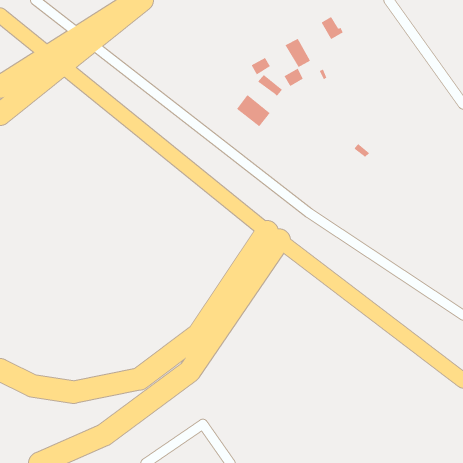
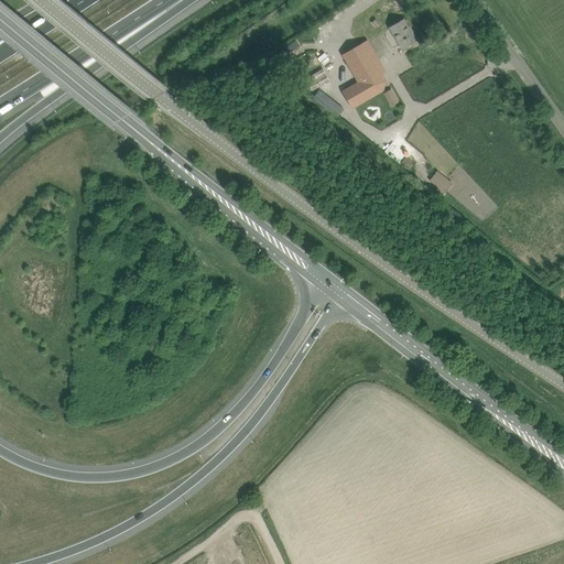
building: [236,94,270,127] -> none

